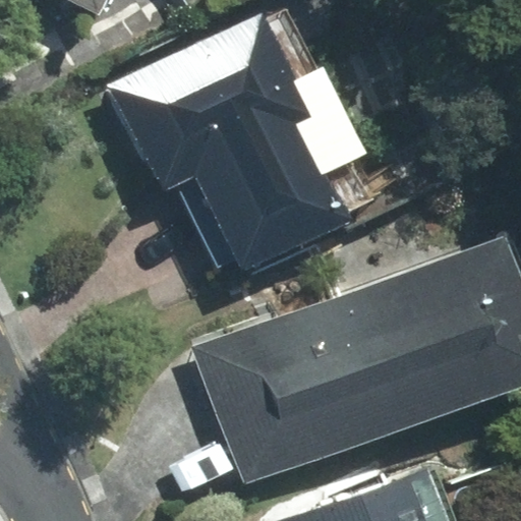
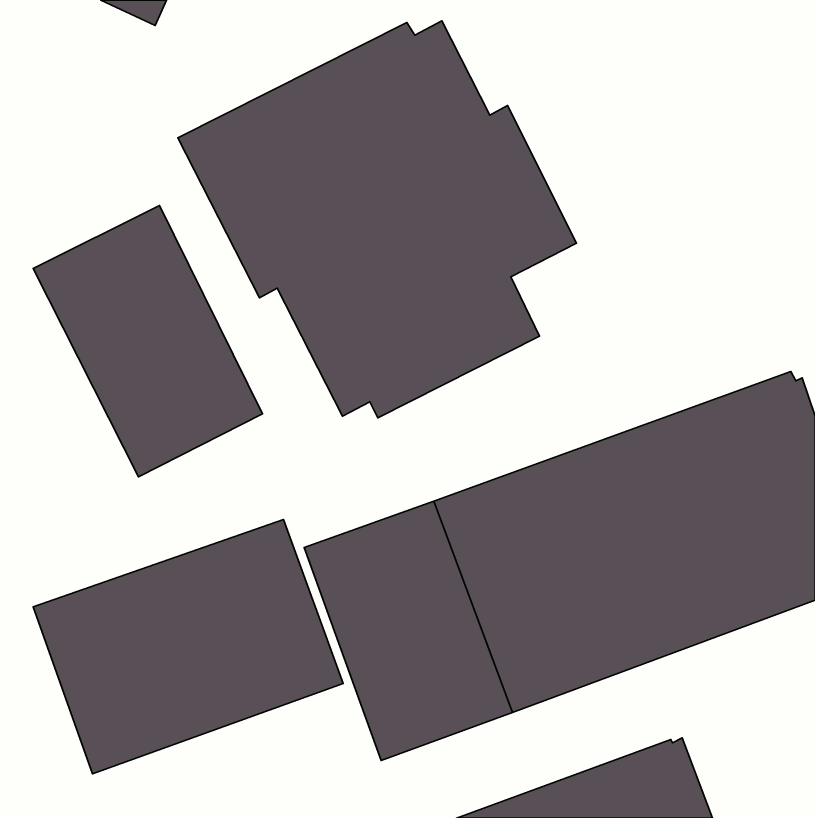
building: none -> [33,205,263,477]
building: none -> [33,519,343,774]

